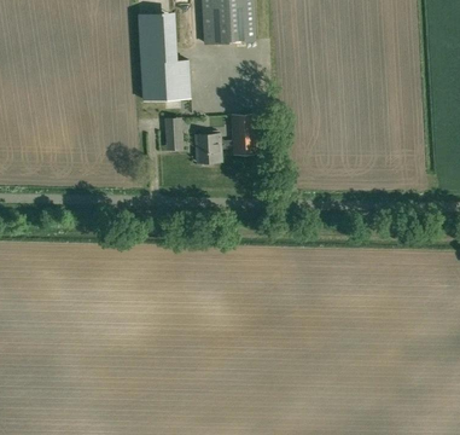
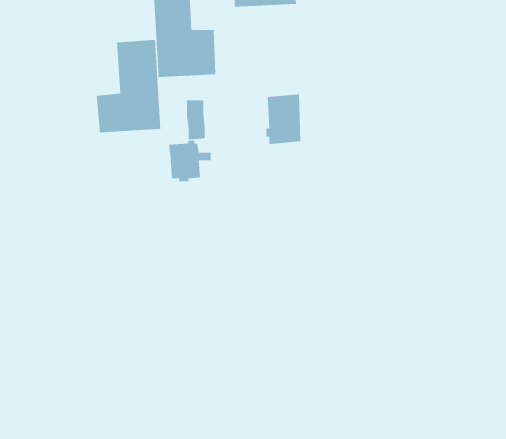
building: none -> [96,39,161,133]
building: [194,132,229,166] -> [168,140,211,182]

